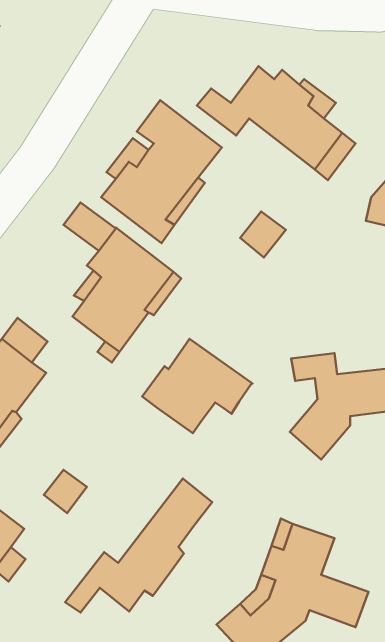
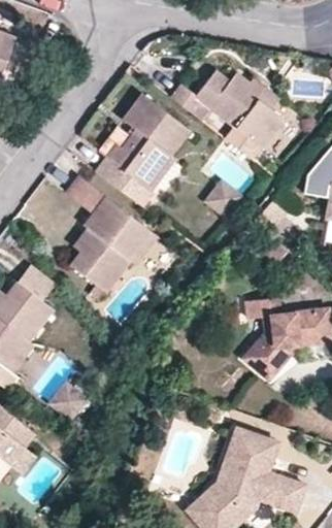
building: [142,339,253,433] -> none
building: [65,479,212,612] -> none

